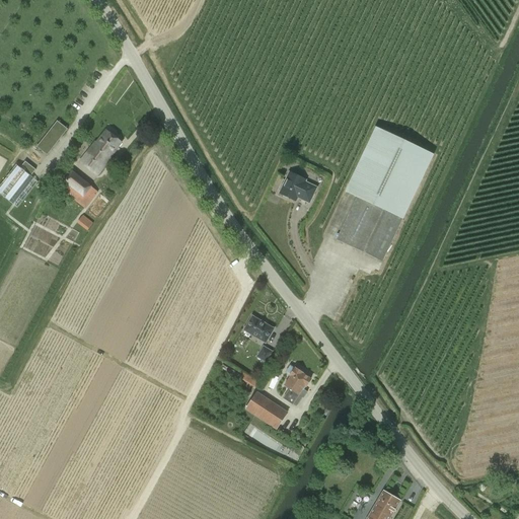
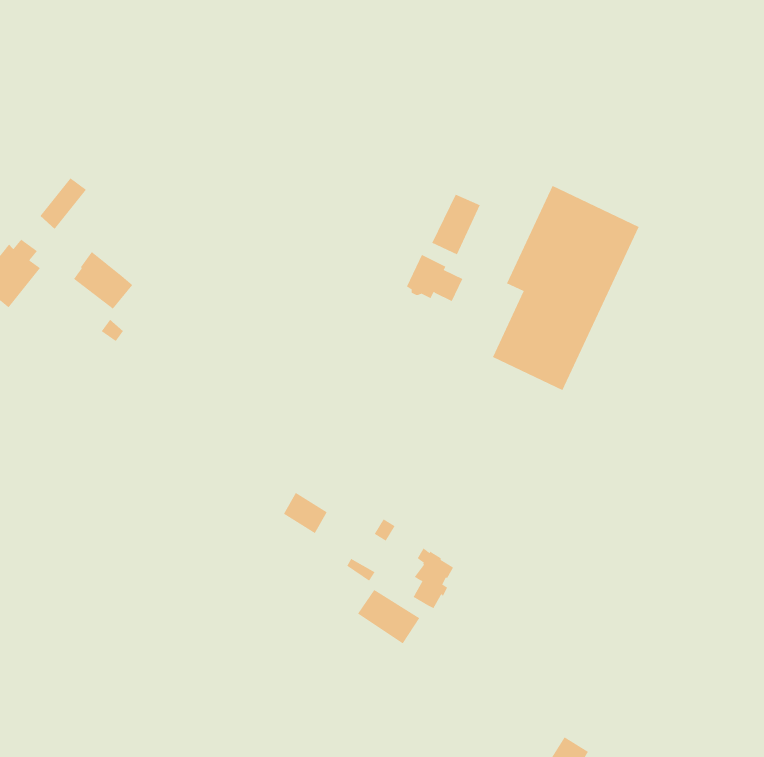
building: [79,129,122,174] -> none
building: none -> [432,194,480,255]
building: [243,314,273,342] -> [283,492,328,534]

